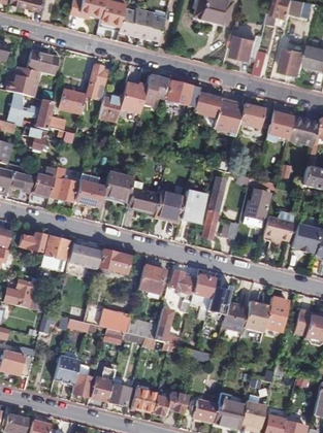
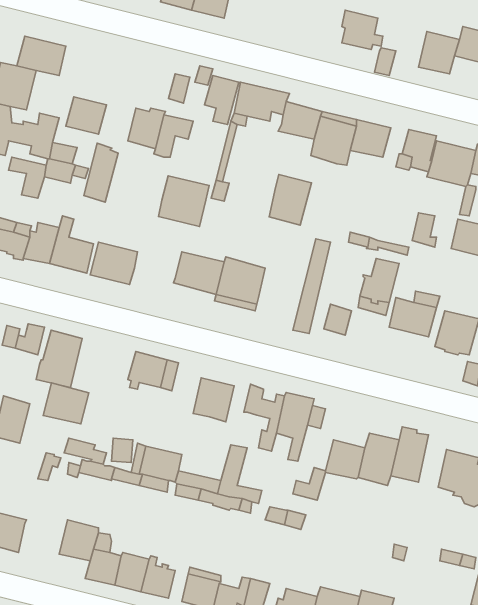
building: [87,63,108,100] -> [84,143,118,202]
building: [102,171,134,203] -> [159,176,209,226]
building: [181,189,207,221] -> [269,175,312,225]
building: [68,242,97,268] -> [43,383,89,424]

